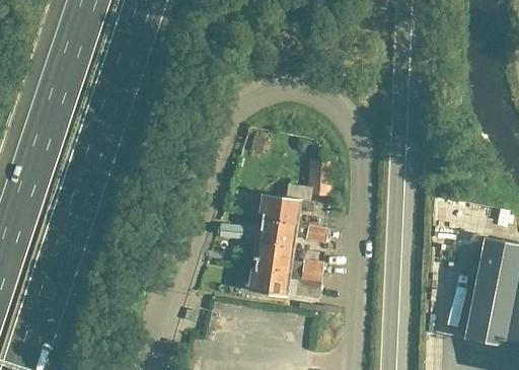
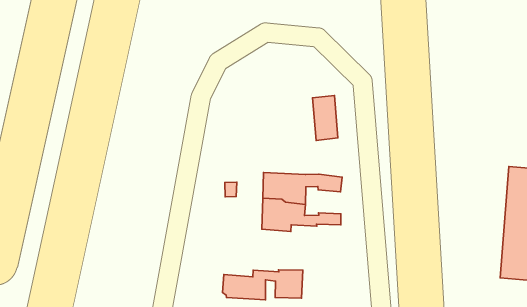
building: [258,193,315,223] -> none
building: [248,268,324,298] -> [223,270,303,300]

